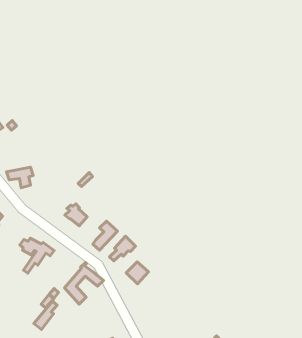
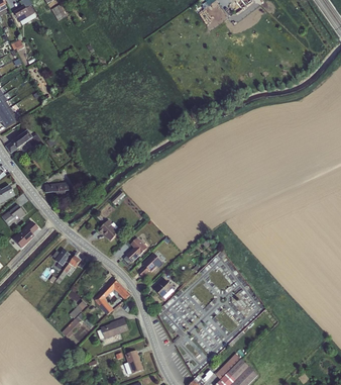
building: none -> [96,317,128,340]

